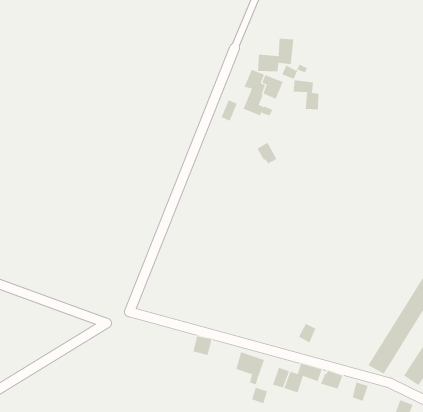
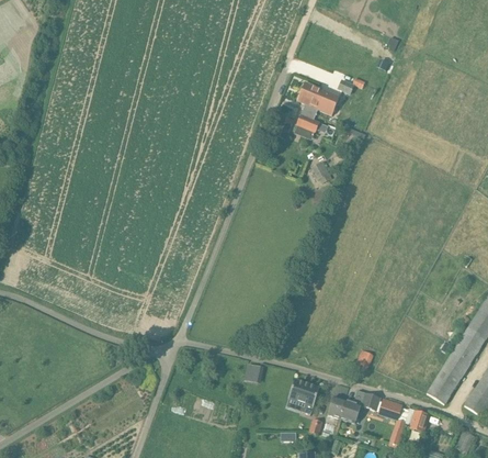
building: [258,38,294,72] -> none
building: [293,80,319,110] -> none

